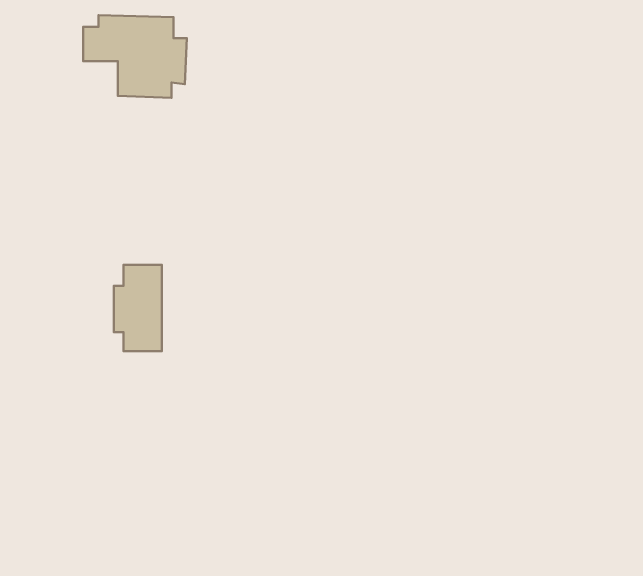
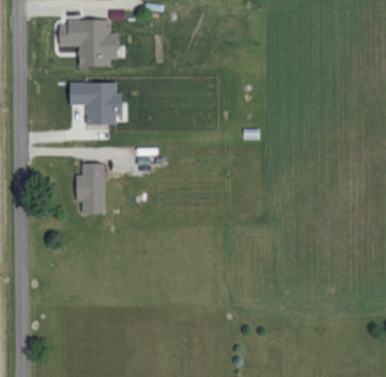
building: none -> [70,82,122,124]

